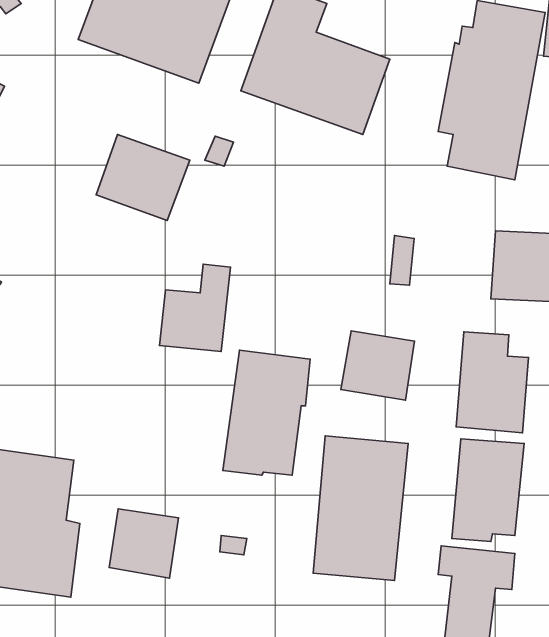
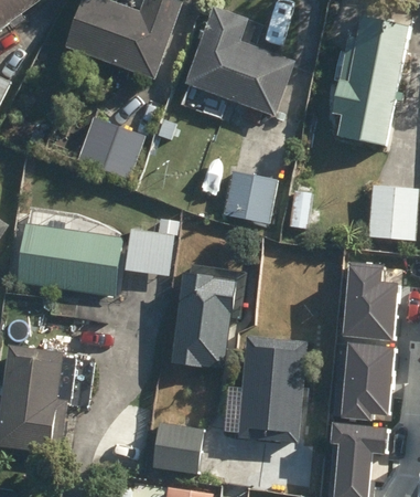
building: none -> [19,205,123,293]
building: [341,331,415,400] -> [225,170,279,221]
building: [109,509,178,578] -> [152,423,203,474]

